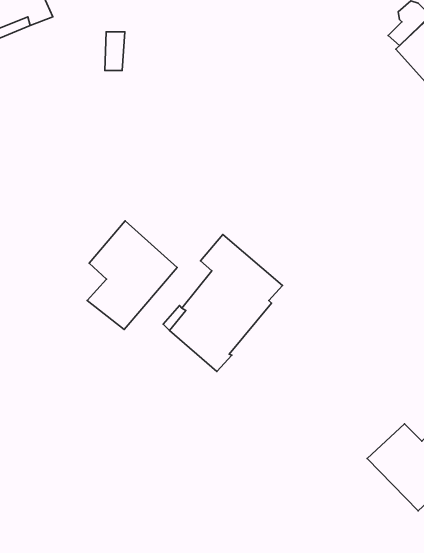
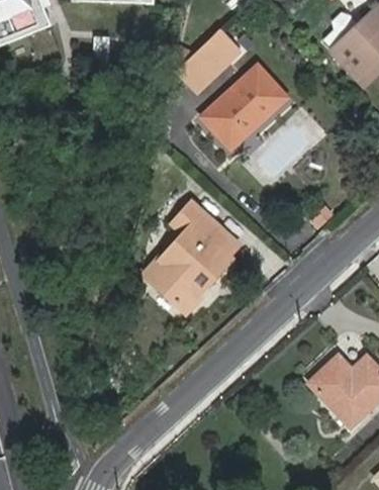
building: none -> [176,32,234,89]
building: none -> [200,64,288,149]
building: [87,221,177,330] -> none

